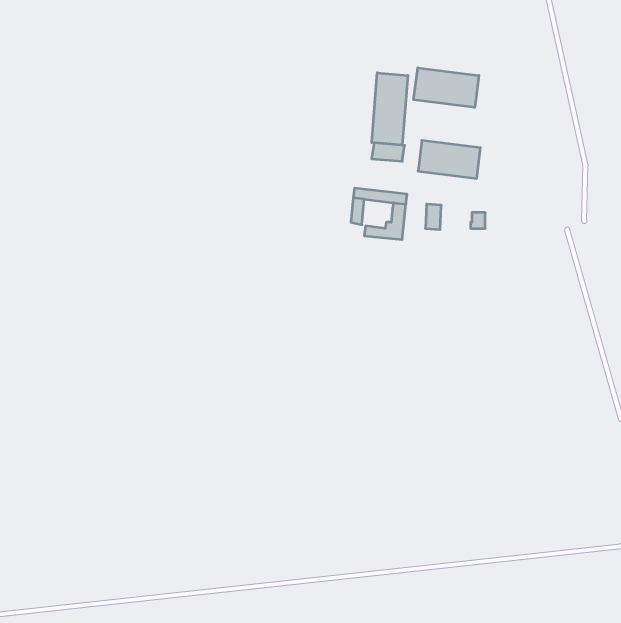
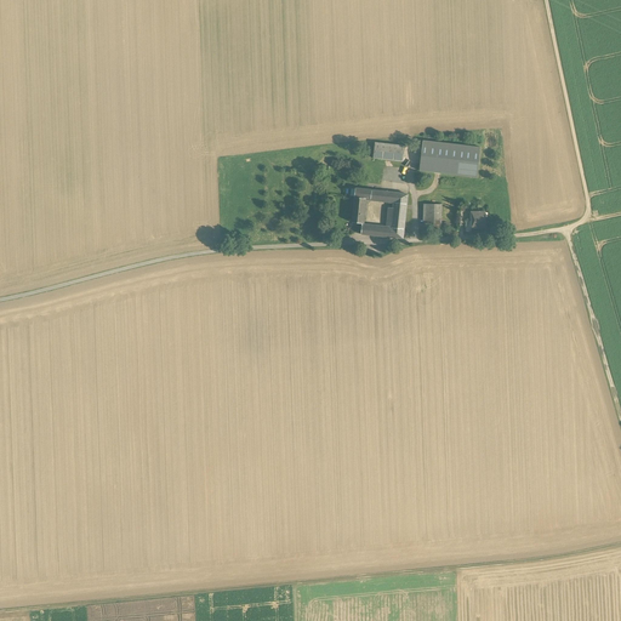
building: [414,68,479,107] -> none
building: [372,73,408,145] -> none

